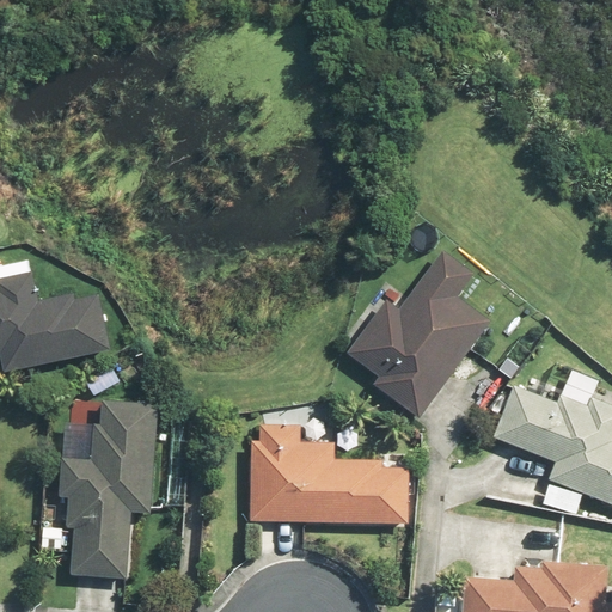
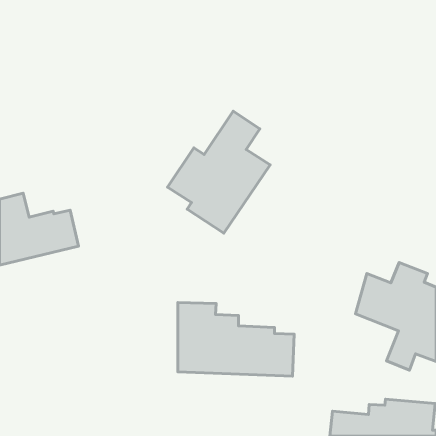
building: [343,246,486,417] -> [167,111,270,233]
building: [61,403,155,580] -> none

